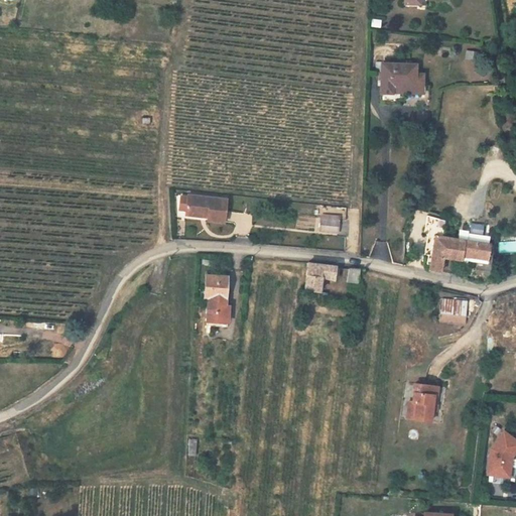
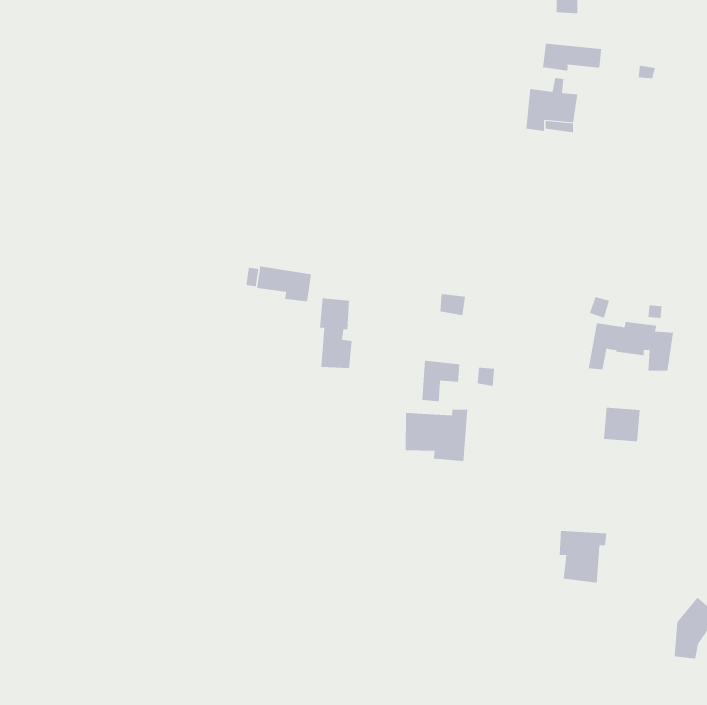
building: none -> [543,43,602,71]
building: [204,272,228,324] -> [319,298,352,368]
building: none -> [405,409,468,462]

